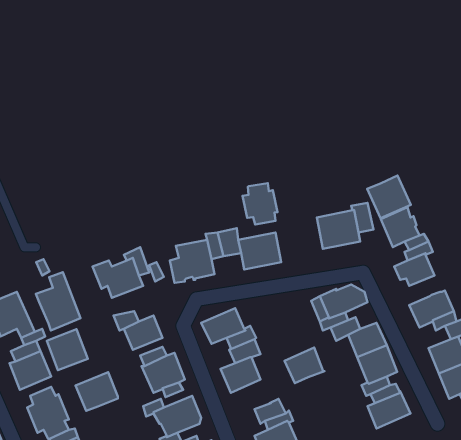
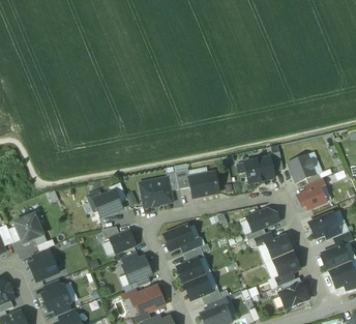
building: [367,175,411,218] -> none
building: [243,183,277,224] -> none
building: [36,272,80,331] -> none
building: [47,329,88,370] -> none
building: [284,347,325,383] -> [184,273,212,298]
building: [76,372,118,411] -> none

